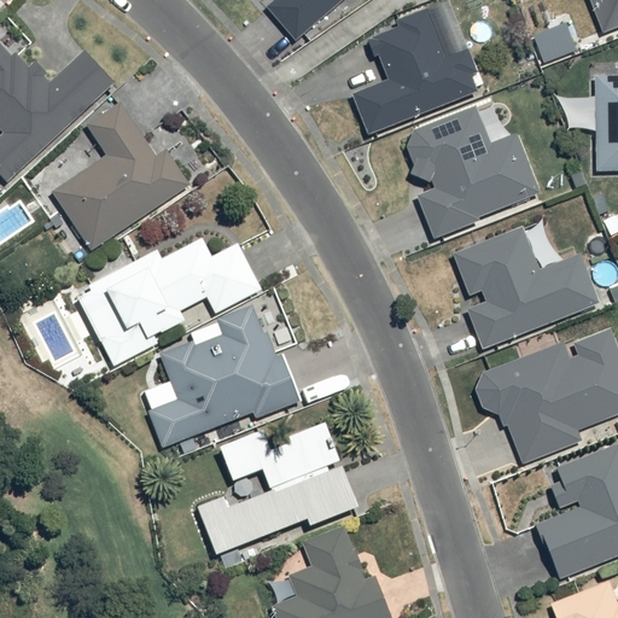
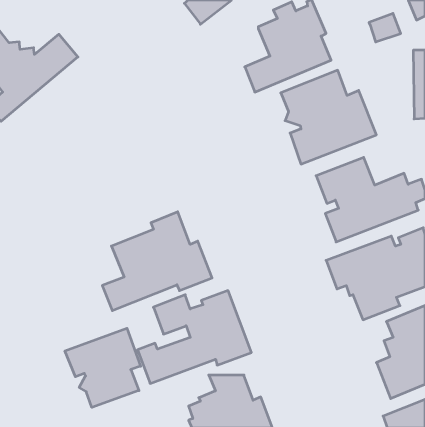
building: [53,103,190,247] -> none
building: [77,234,267,366] -> none
building: none -> [65,328,141,407]

